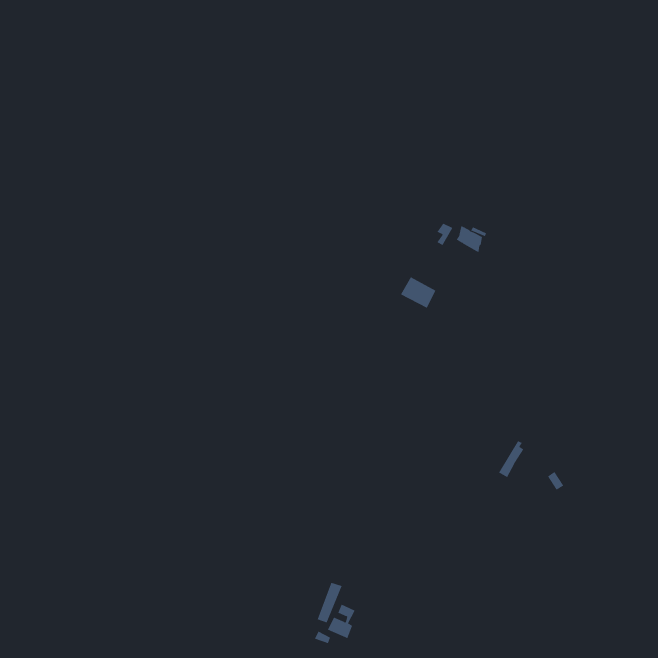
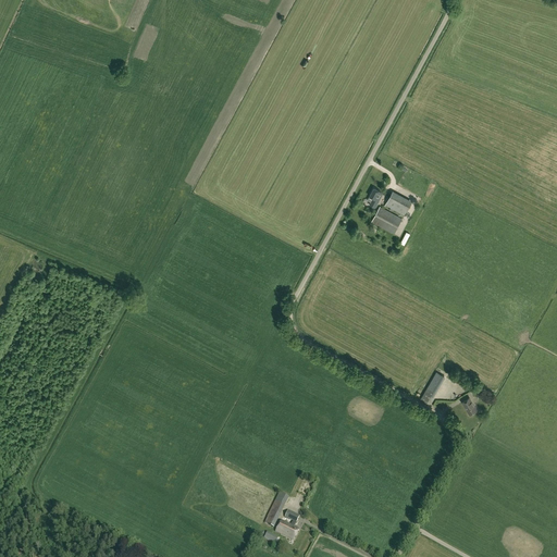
building: [400,276,436,309] -> [371,207,401,234]

